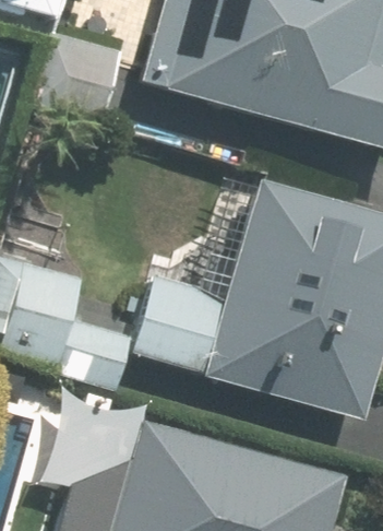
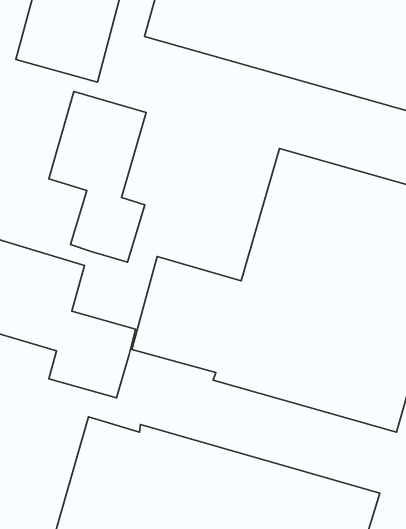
building: none -> [49,92,146,262]

